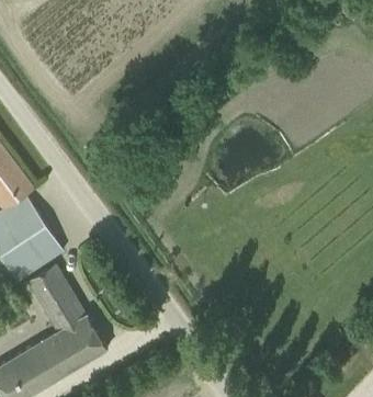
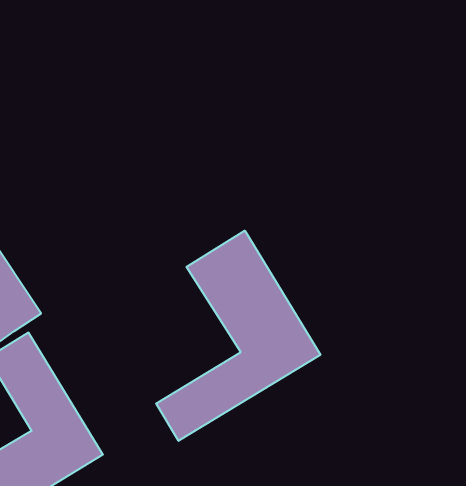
building: none -> [156,231,320,441]

